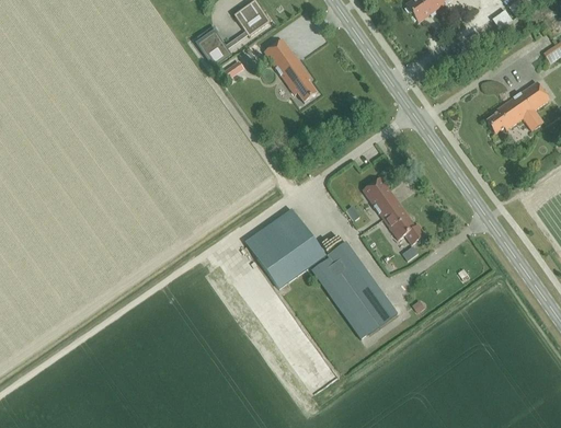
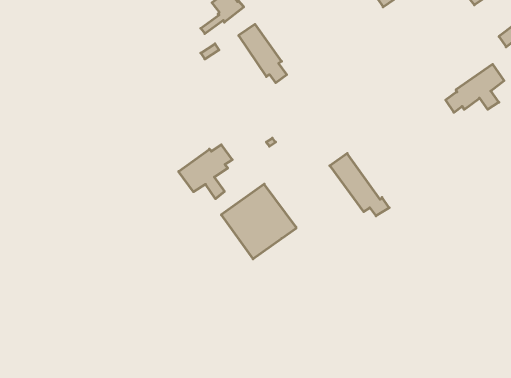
building: [198,25,231,66] -> none
building: none -> [179,145,232,199]
building: [310,241,397,338] -> none

